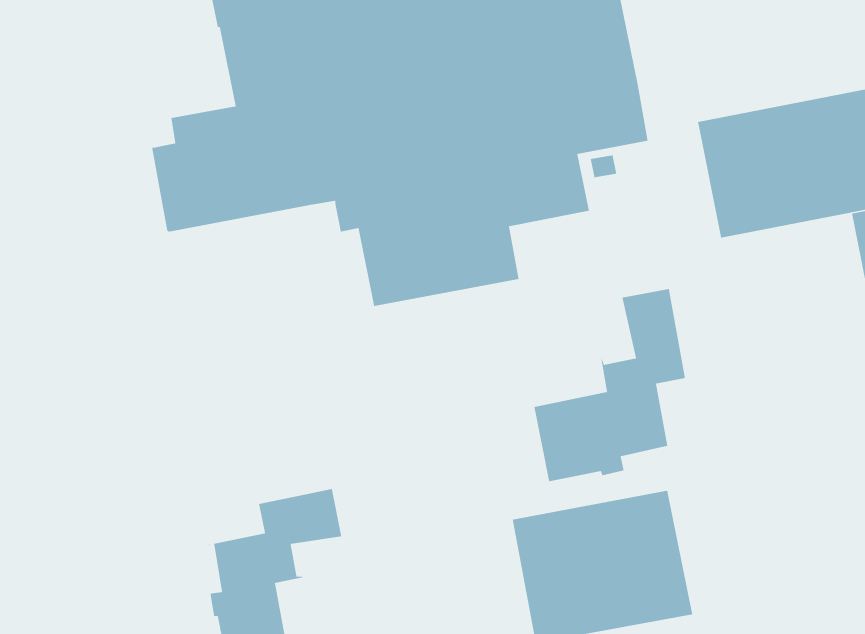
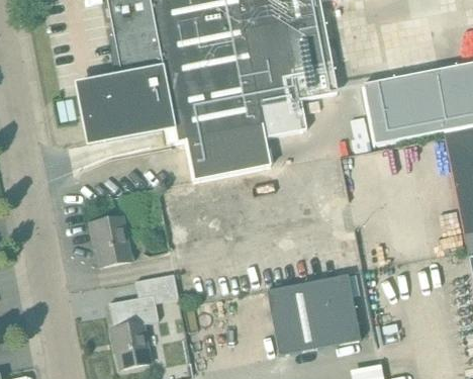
building: [534,288,686,482] -> none
building: none -> [90,216,132,266]

